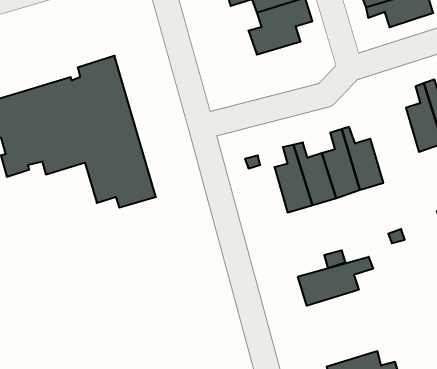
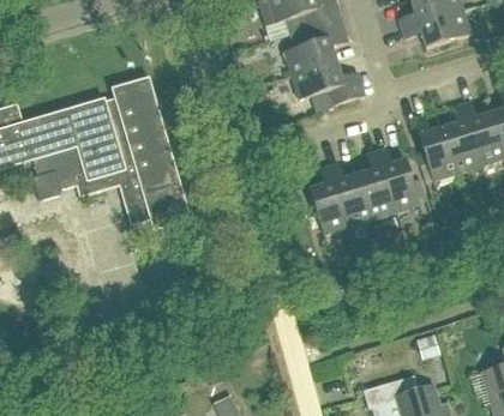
building: none -> [292,61,365,103]
building: none -> [413,115,456,180]
building: [298,257,373,306] -> none

